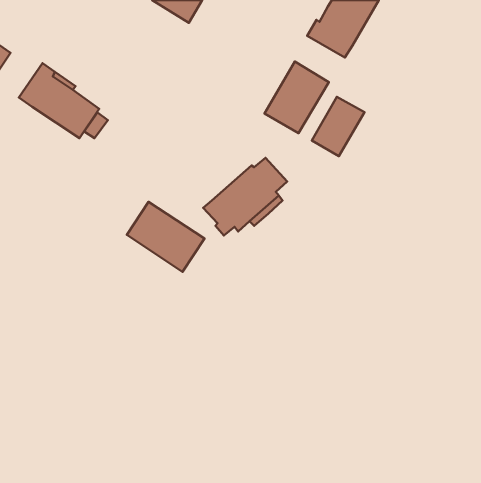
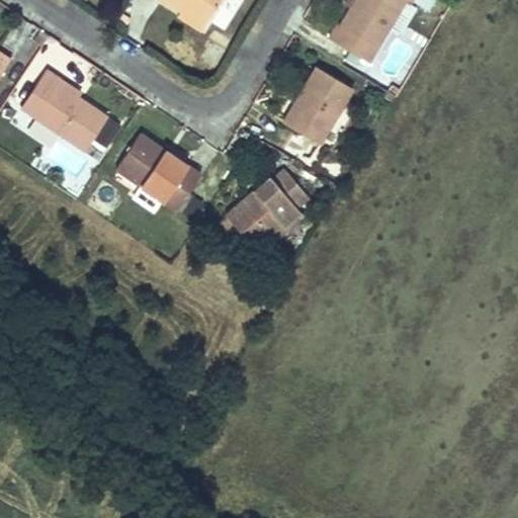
building: [312,97,365,156] -> none
building: [127,202,204,272] -> [116,134,199,208]

